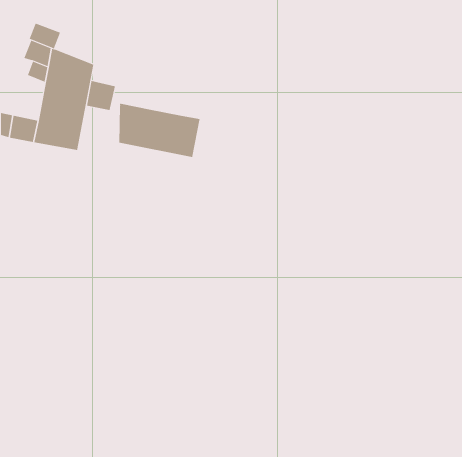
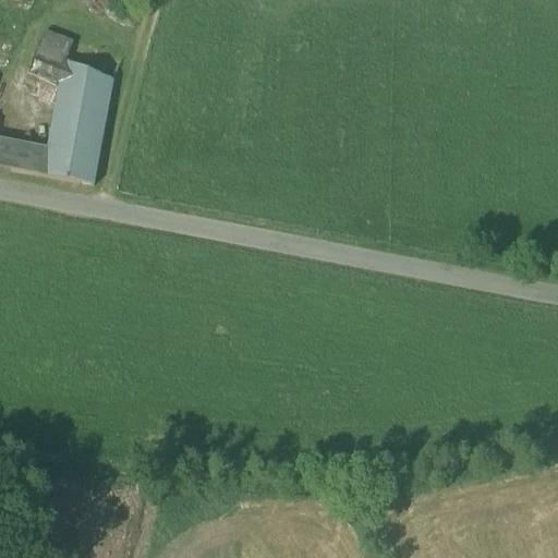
building: [86,80,115,111] -> none
building: [119,103,200,158] -> none

